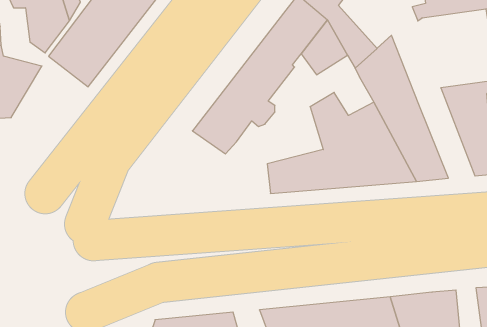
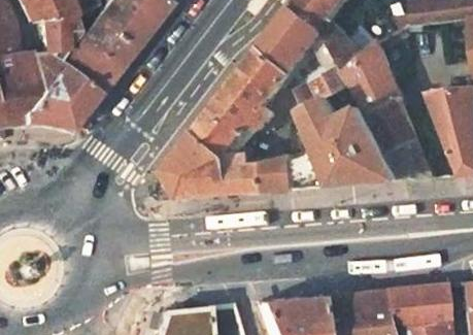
building: none -> [298,63,350,111]
building: none -> [24,73,90,129]
building: none -> [164,134,267,200]

